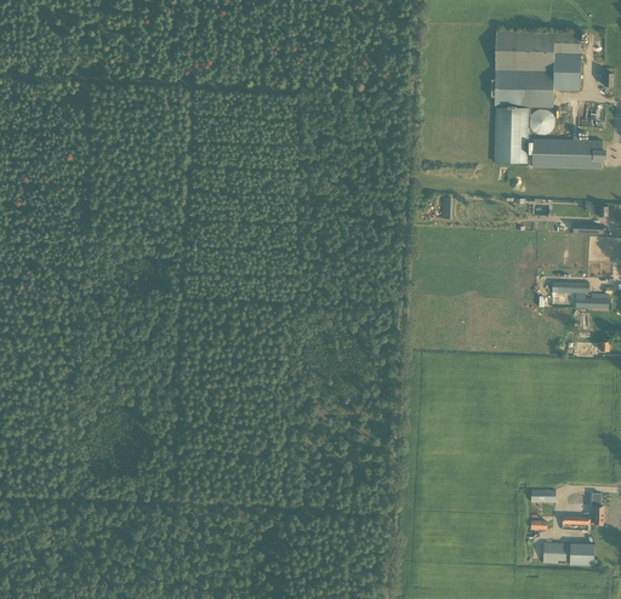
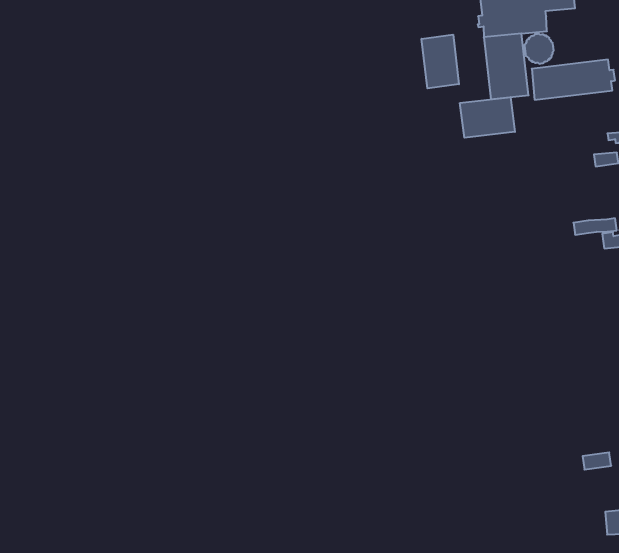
building: none -> [422,35,459,88]
building: none -> [460,97,515,138]

